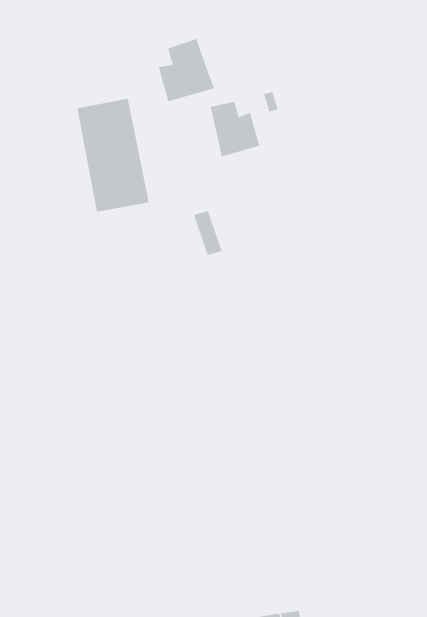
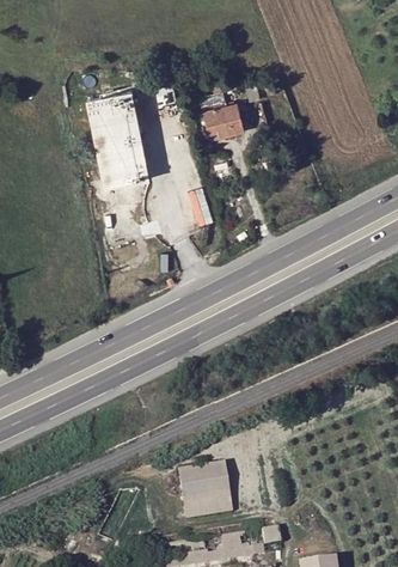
building: [158,38,215,102] -> none
building: none -> [179,463,232,520]

